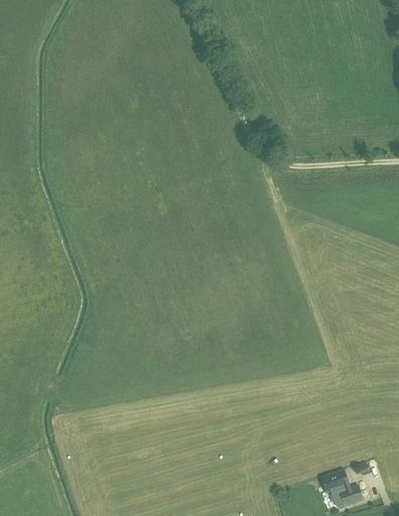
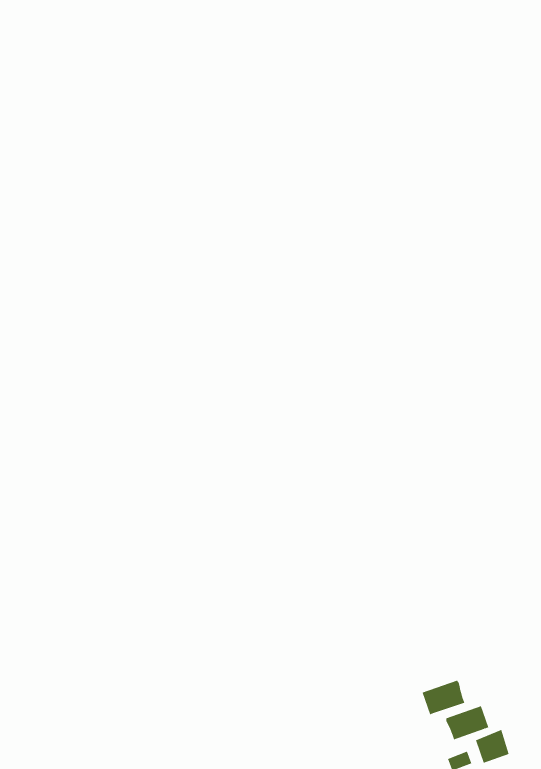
building: none -> [422,680,465,715]

